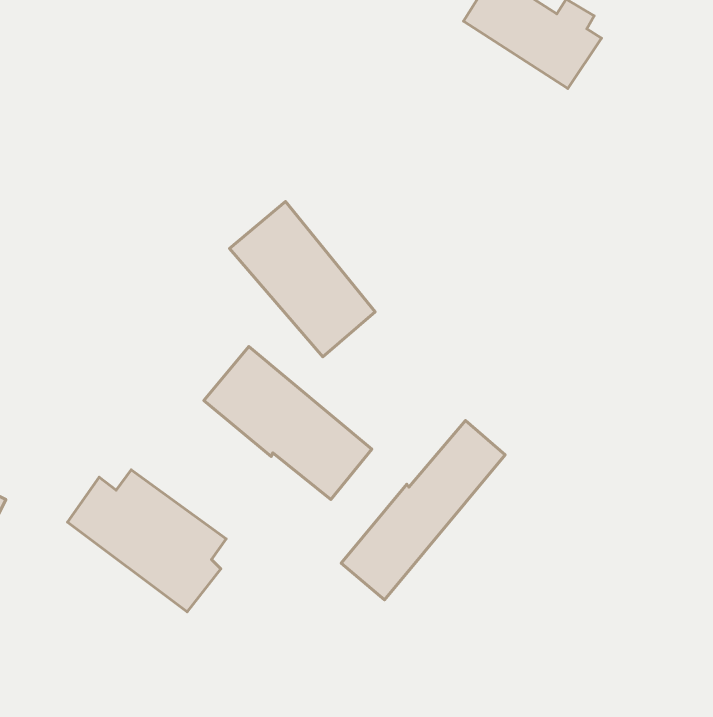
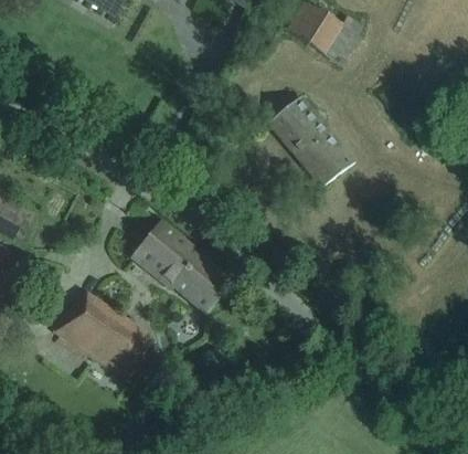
building: [229,202,375,357] -> [267,94,353,186]
building: [341,421,505,600] -> none

